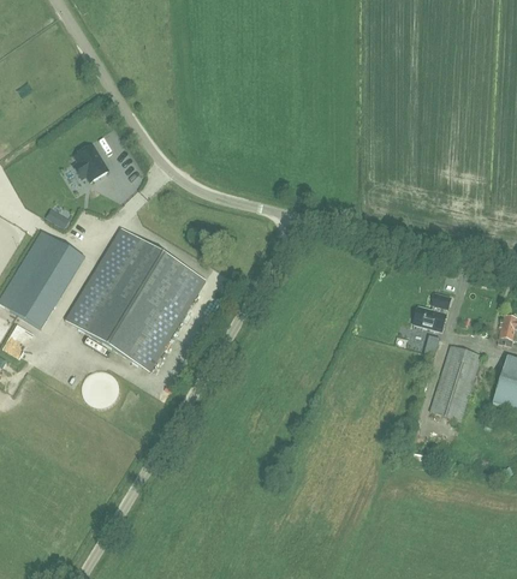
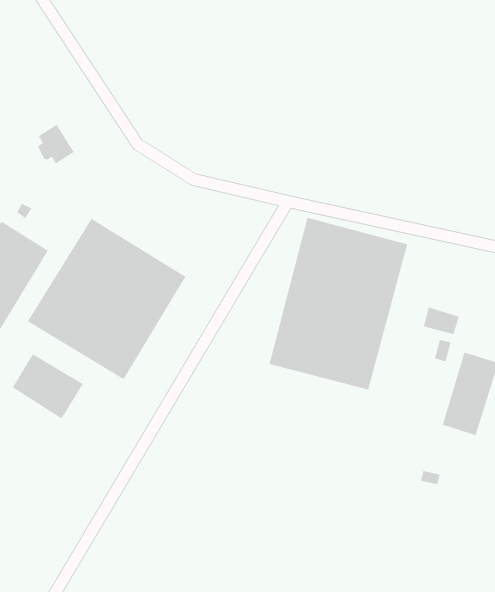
building: none -> [269,217,408,390]
building: none -> [12,353,84,420]

